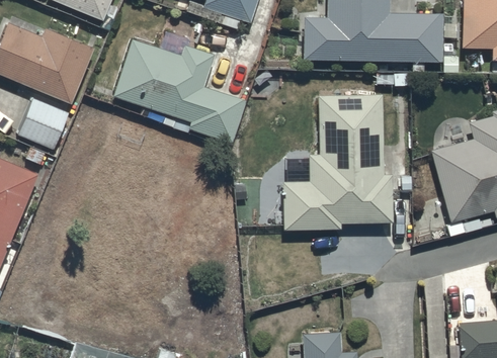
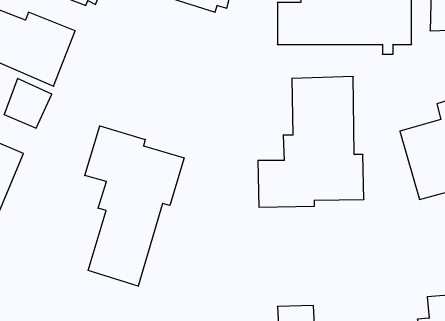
building: [112,39,246,143] -> none
building: none -> [85,126,184,286]

